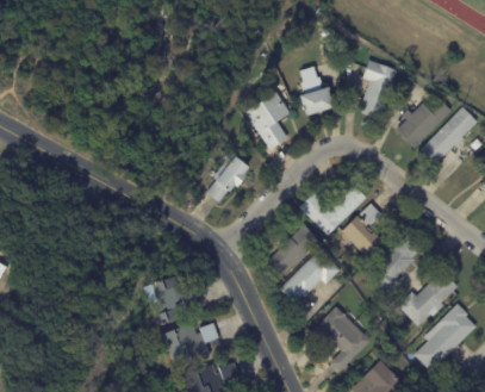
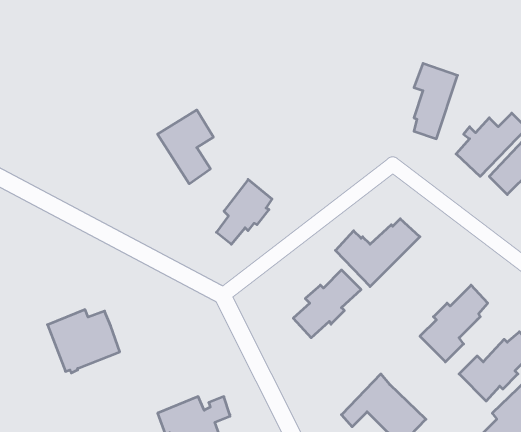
building: [301,67,337,116] -> none
building: [244,92,288,150] -> [158,110,213,184]
building: [342,204,384,259] -> none
building: [281,249,341,303] -> none
building: [147,276,204,326] -> [47,310,120,373]

